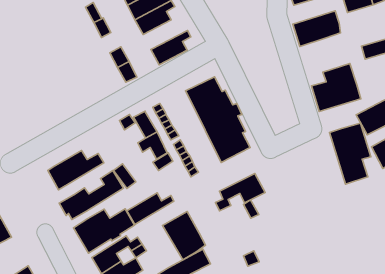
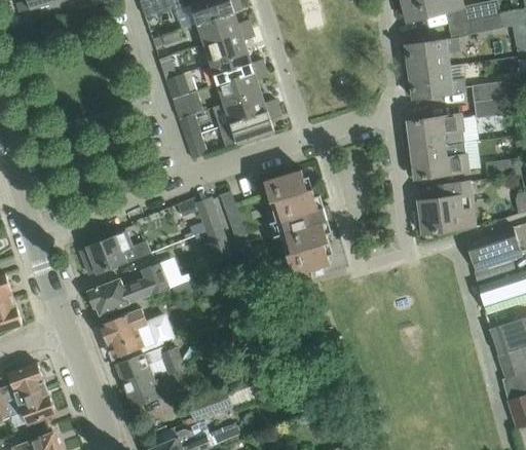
building: none -> [223,91,277,123]
building: none -> [172,90,202,119]
building: none -> [411,141,479,178]
building: [329,123,371,184] -> none
building: [216,174,265,211] -> none
building: [127,193,174,225] -> none
building: [163,211,206,260] -> none

